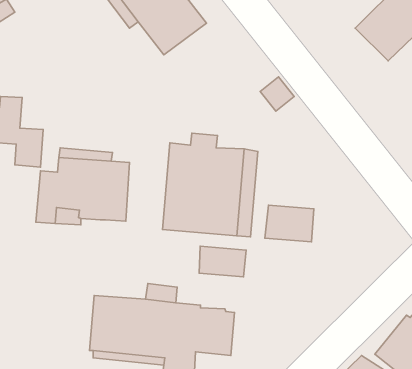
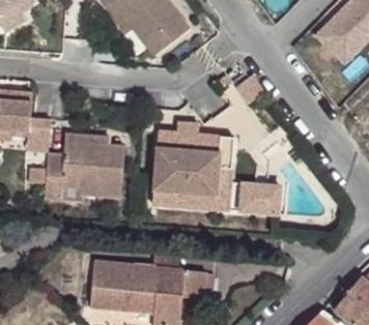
building: [199,246,246,277] -> none

